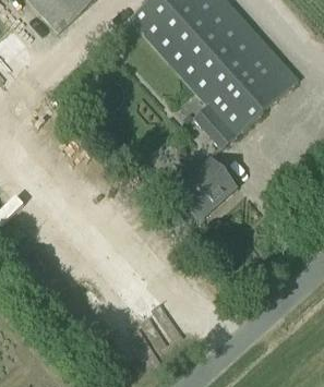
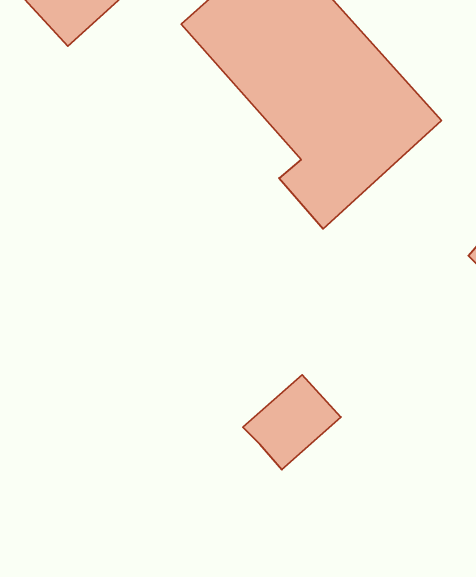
building: [172,159,236,220] -> [243,375,341,470]

